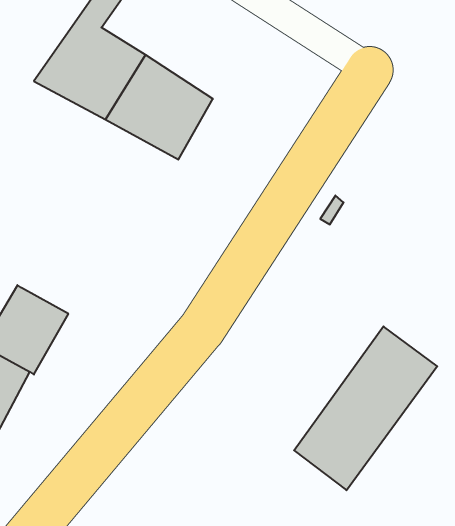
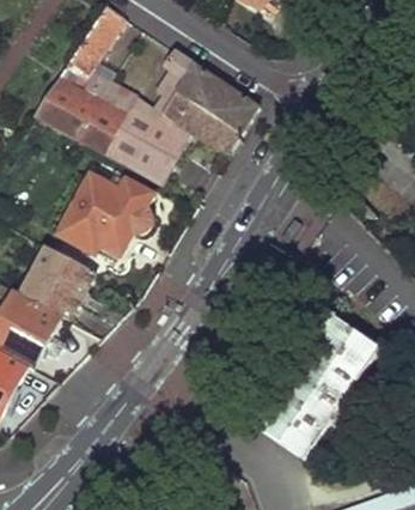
building: none -> [159,49,261,157]
building: none -> [59,172,153,253]
building: none -> [20,244,94,320]

